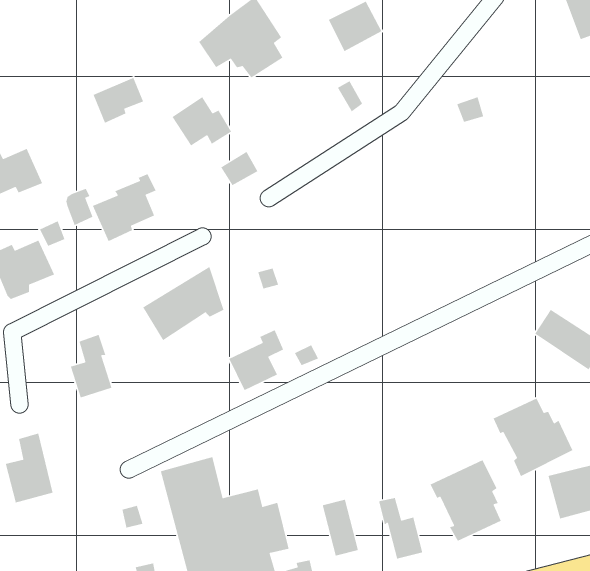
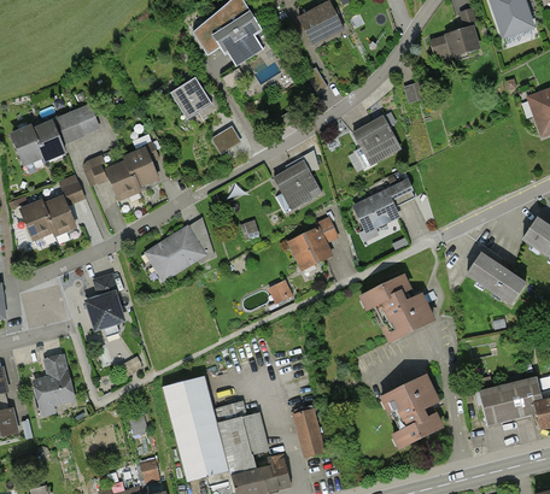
building: none -> [428,10,479,61]
building: [93,77,144,124] -> [55,104,98,142]
building: none -> [352,116,400,166]
building: none -> [273,160,321,212]
building: none -> [353,180,415,240]
building: [228,329,284,391] -> [289,217,335,267]
building: [493,397,574,477] -> [365,276,432,341]
building: [378,497,423,560] -> none

